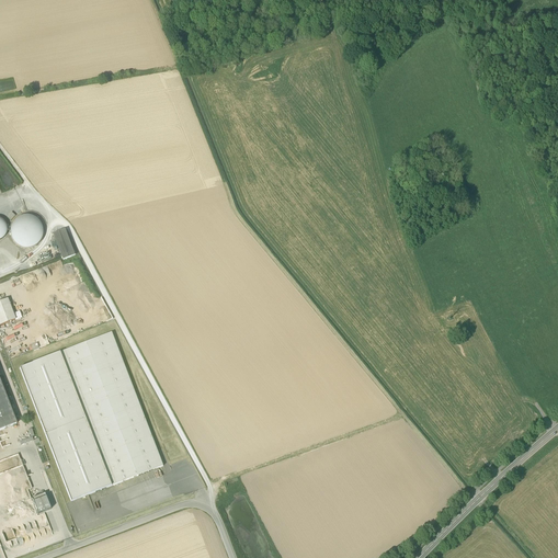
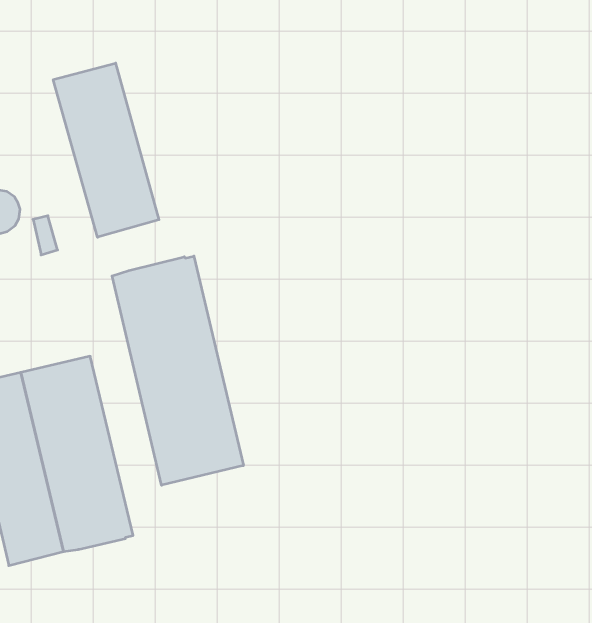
building: none -> [53,63,159,237]
building: none -> [112,256,243,485]

